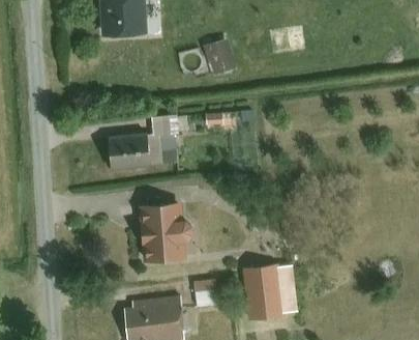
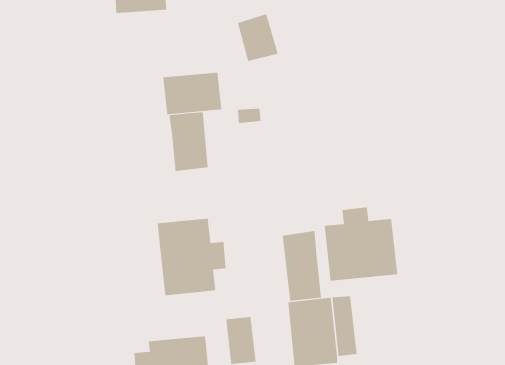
building: [107,134,154,168] -> [163,72,222,115]
building: none -> [324,207,398,282]
building: none -> [282,230,322,301]

